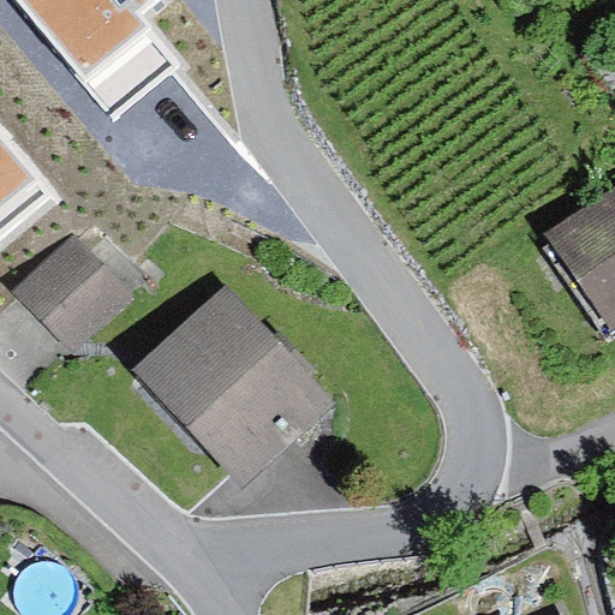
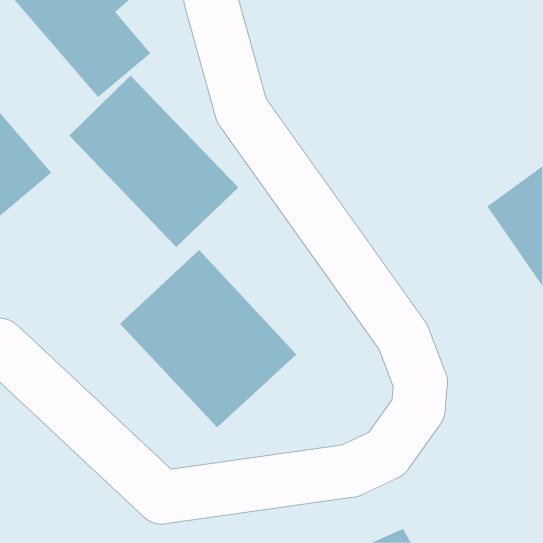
building: none -> [68,75,239,248]
building: [11,234,132,356] -> none

